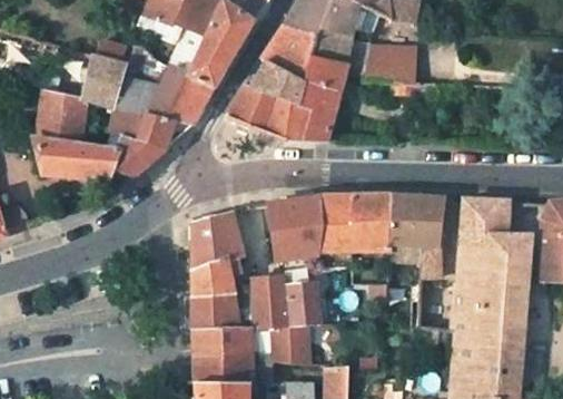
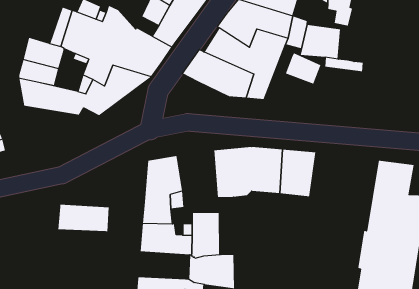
building: none -> [285,52,321,84]
building: [388,195,445,276] -> none
building: [288,267,318,325] -> none
building: [195,329,255,360] -> [57,204,109,232]

